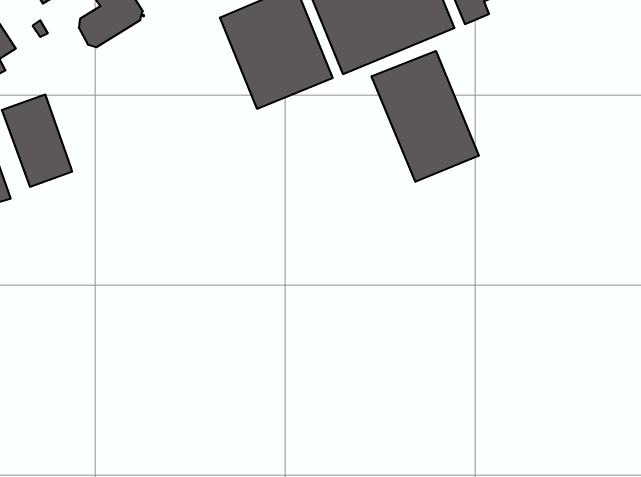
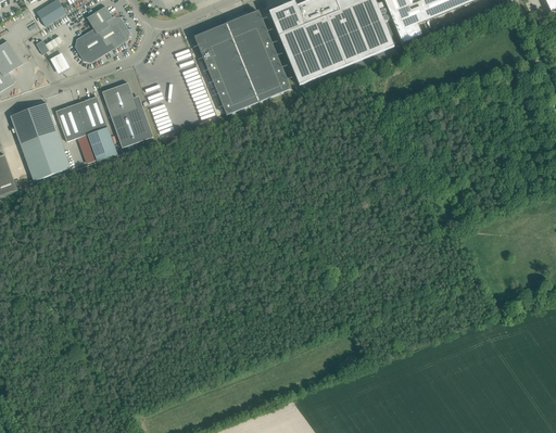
building: [372,51,479,182] -> none
building: none -> [101,81,152,147]
building: none -> [55,95,116,163]

